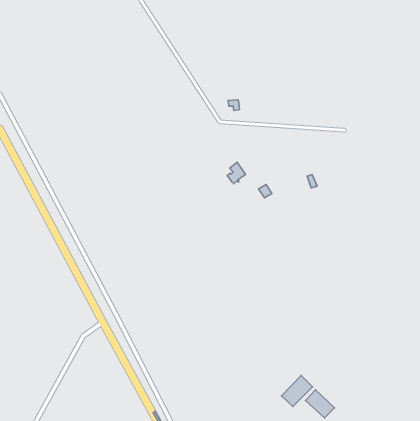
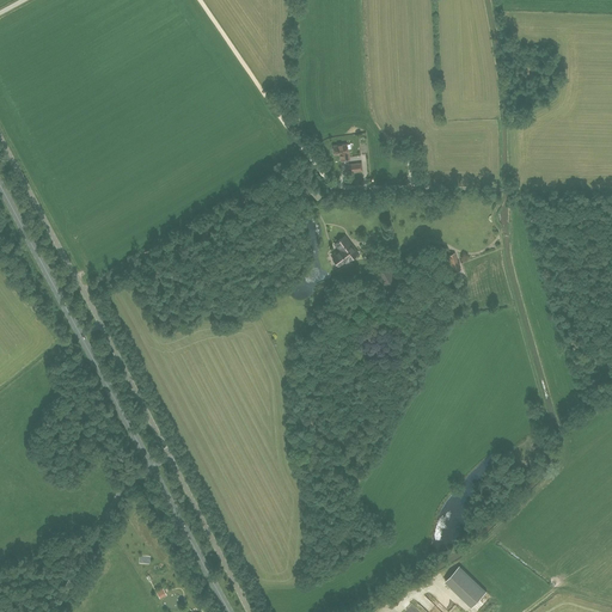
building: [281,375,312,406] -> none

